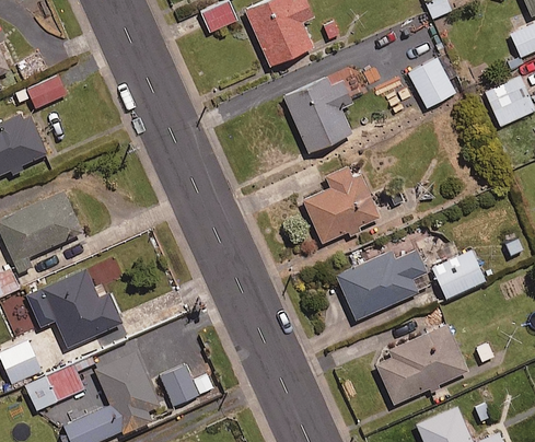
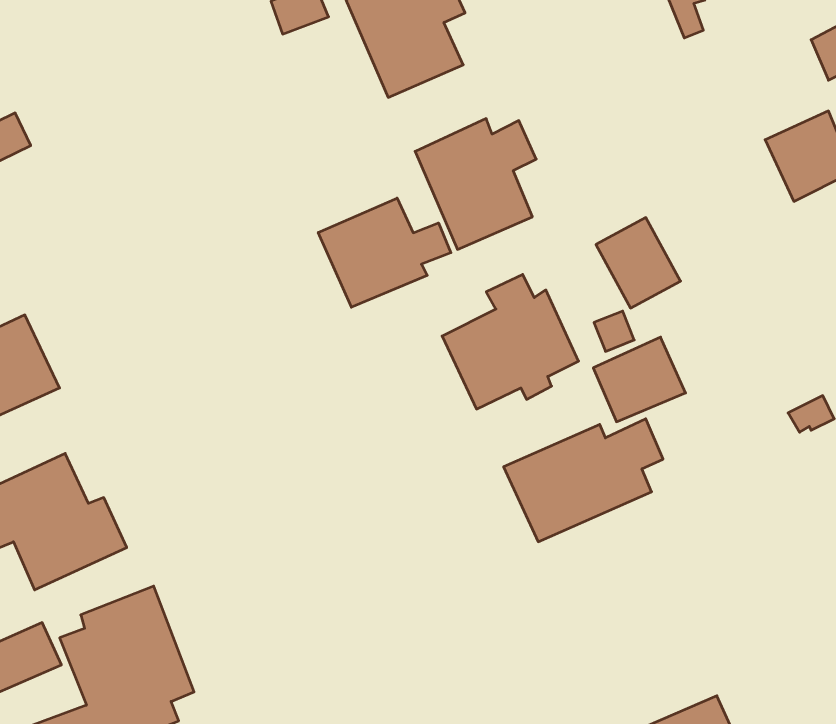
building: [408,57,456,108] -> [596,218,681,308]
building: none -> [318,198,451,307]
building: [433,249,486,298] -> [593,337,686,422]
building: [375,325,467,404] -> none
building: [161,364,213,406] -> none

